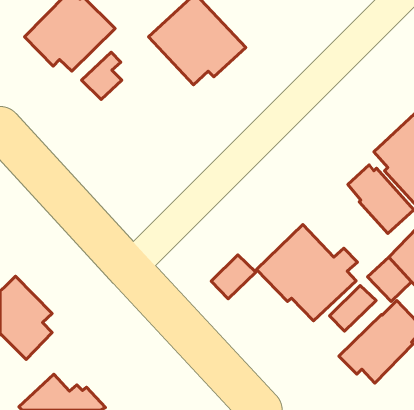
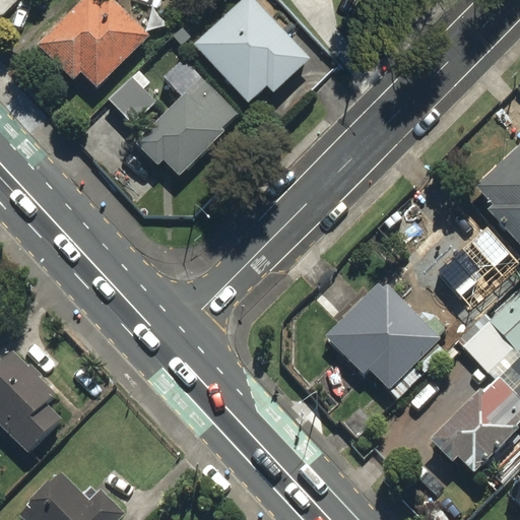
building: none -> [131,55,238,178]
building: [211,255,256,299] -> none
building: [330,285,376,331] -> none

